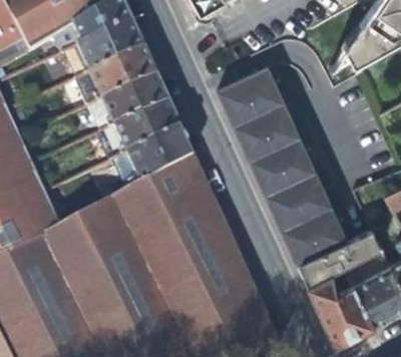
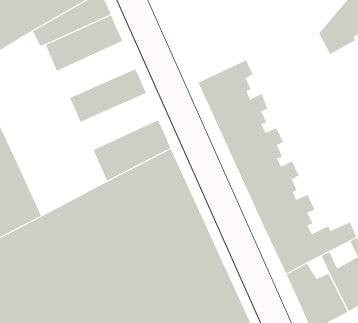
building: [74,46,155,104] -> none
building: [98,99,178,157] -> none

